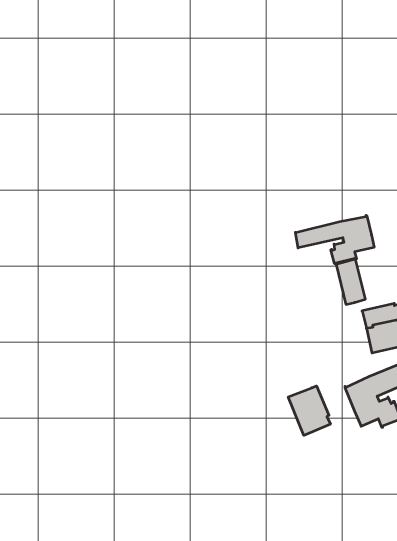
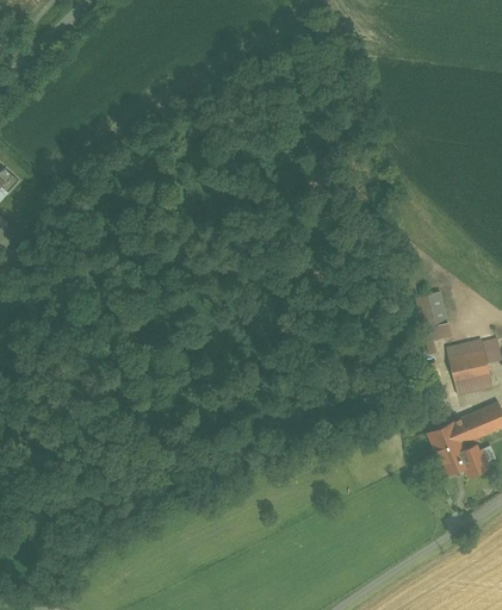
building: [295,215,374,264] -> none
building: [288,386,330,435] -> none

